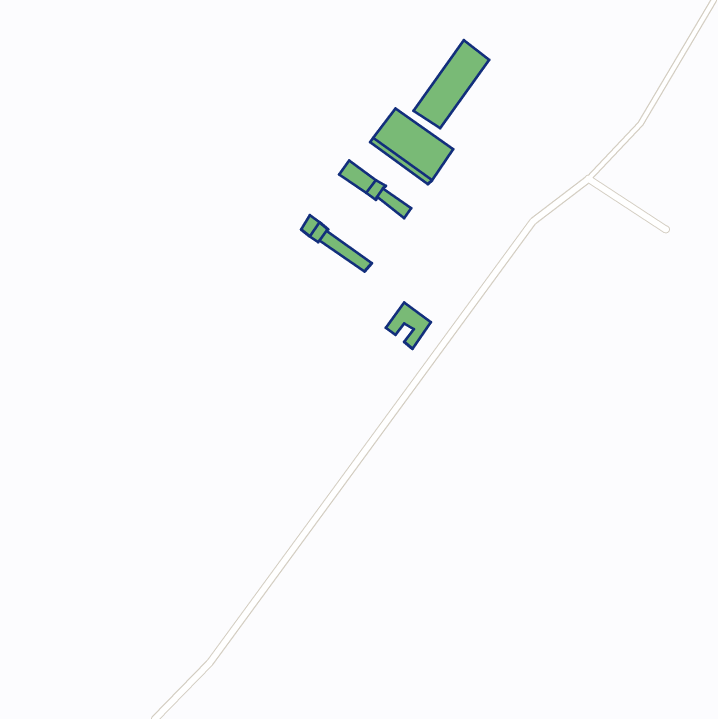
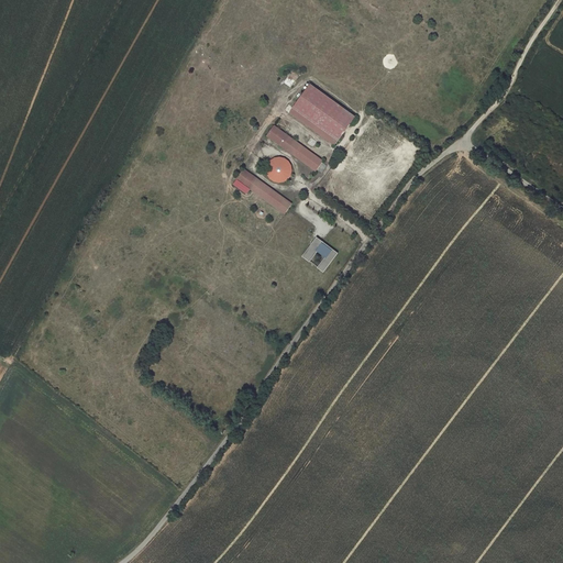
building: [413,40,489,128] -> none
building: none -> [265,157,290,183]

